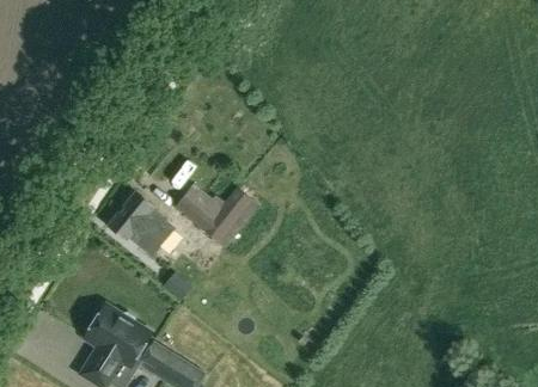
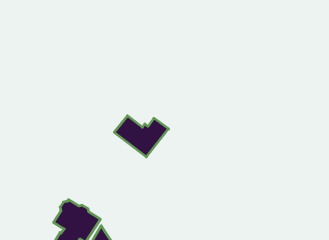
building: [109,195,183,260] -> none

